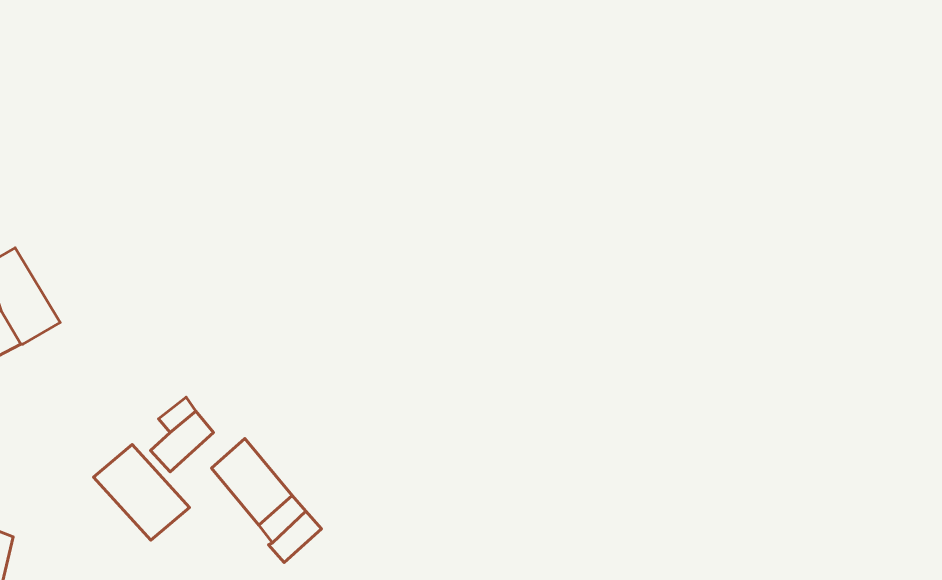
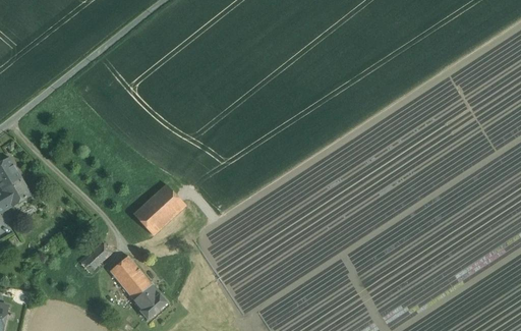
building: none -> [133,184,185,235]
building: [94,444,189,540] -> none

